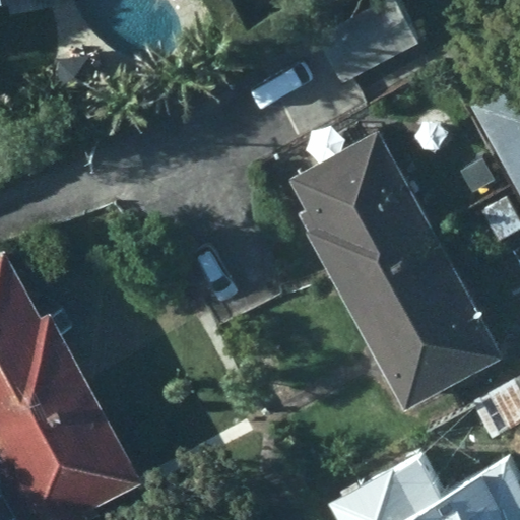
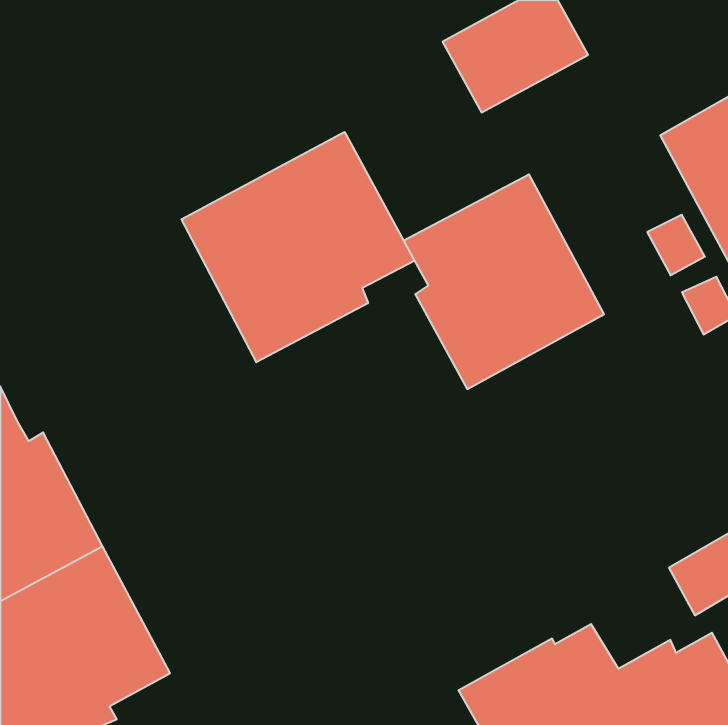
building: none -> [182,132,415,362]
building: [335,230,501,410] -> none

